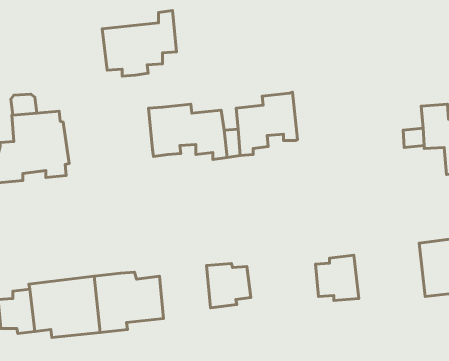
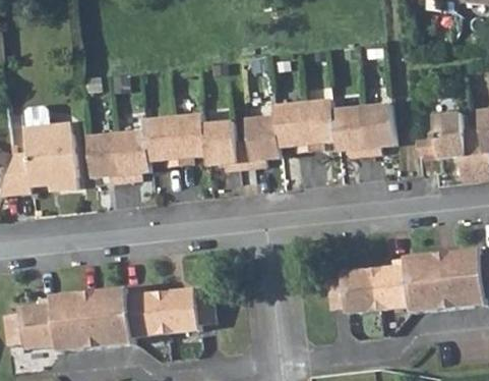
building: [102,11,176,76] -> [87,118,163,184]
building: none -> [304,100,394,155]
building: none -> [366,255,438,312]
building: [206,263,251,308] -> [170,286,215,331]

